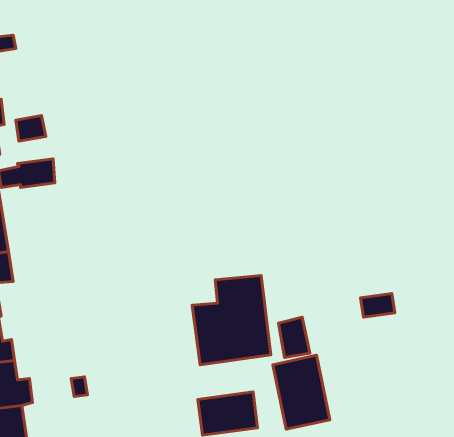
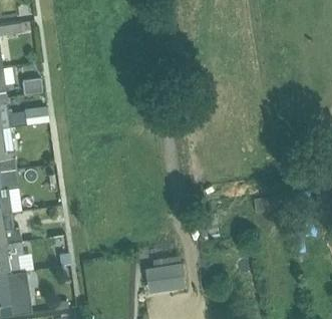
building: [192,275,271,365] -> none
building: [273,355,330,429] -> none

